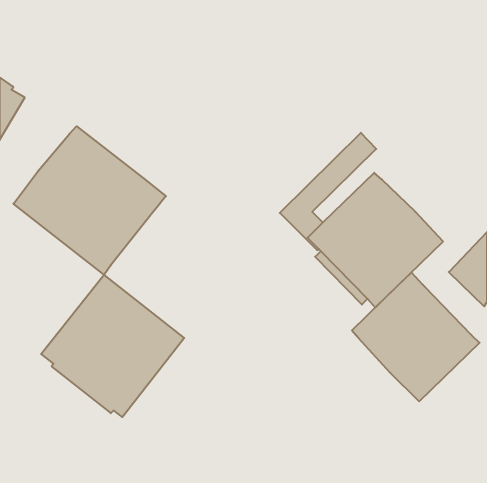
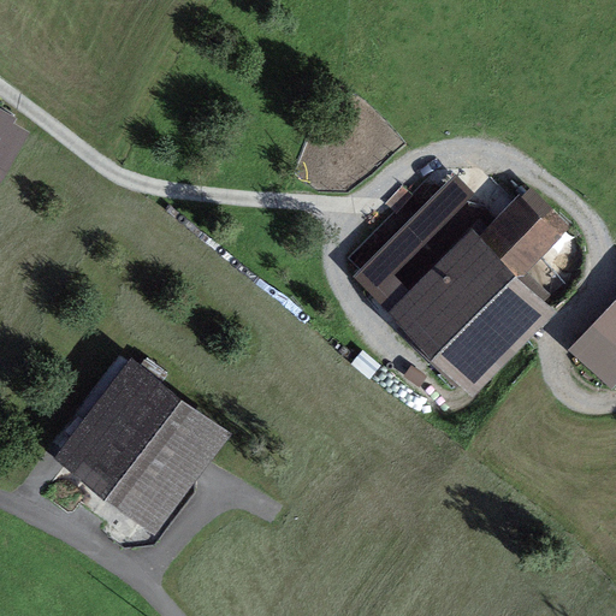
building: [13,126,166,275] -> none
building: none -> [481,189,569,273]
building: [352,273,480,401] -> none

